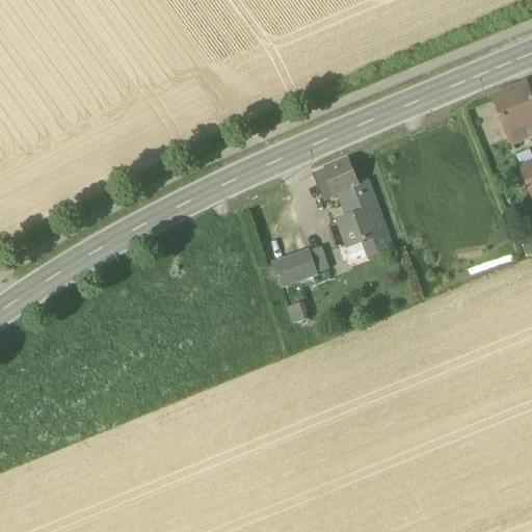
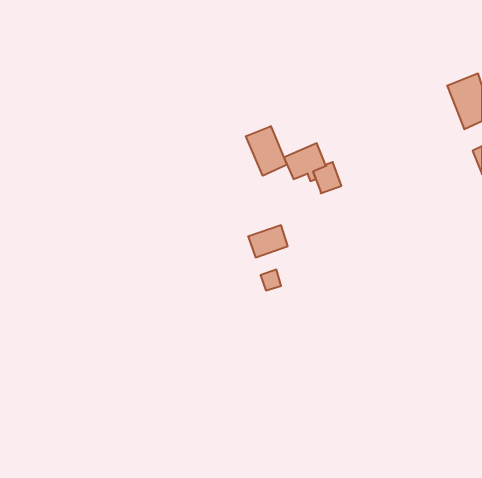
building: none -> [246,126,287,176]
building: [338,205,392,255] -> none

